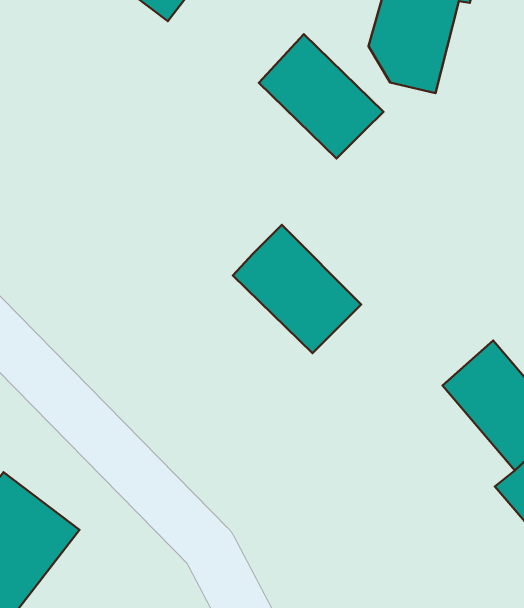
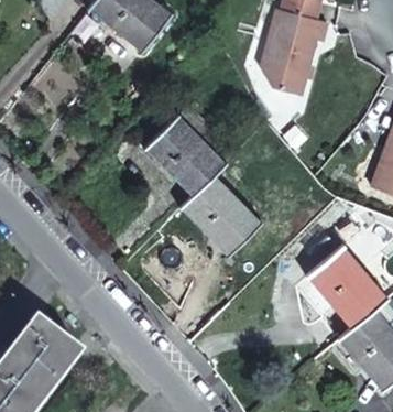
building: [259,34,383,159] -> [144,116,220,192]

